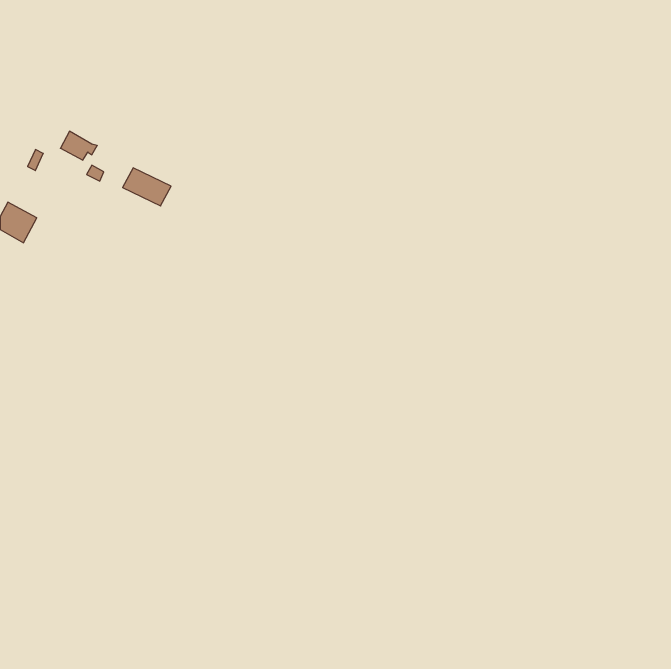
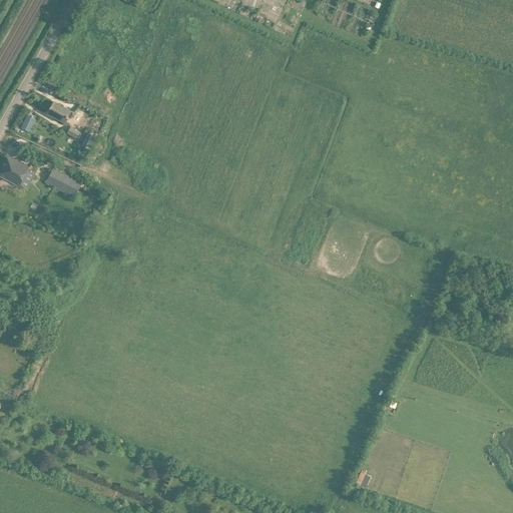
building: [123,168,171,206] -> [44,168,81,197]

